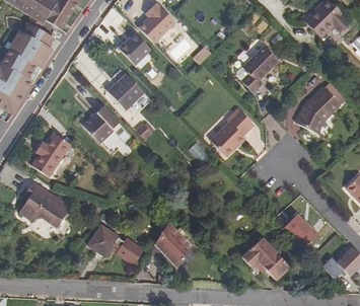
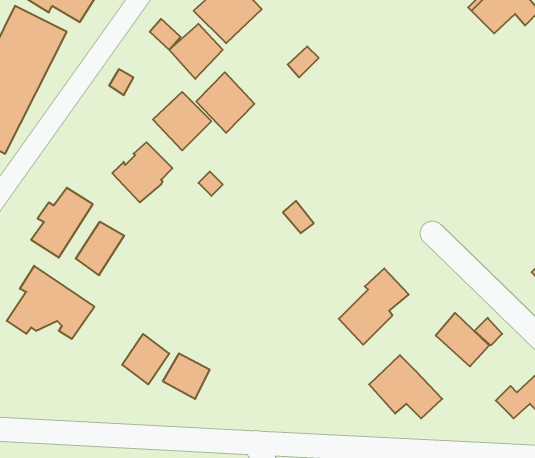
building: [239,43,277,90] -> none
building: none -> [196,72,254,133]
building: [295,86,339,132] -> none
building: [211,108,255,156] -> [339,268,409,345]
building: none -> [76,222,124,275]
building: [151,222,191,272] -> none

